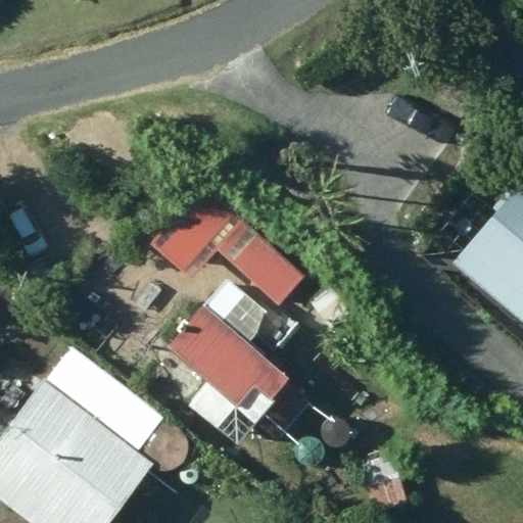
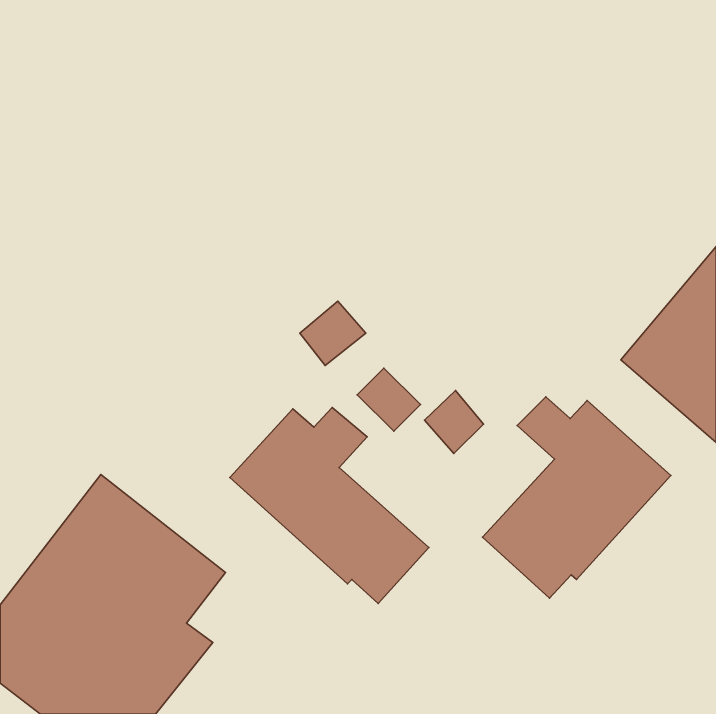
building: none -> [482,397,671,598]

